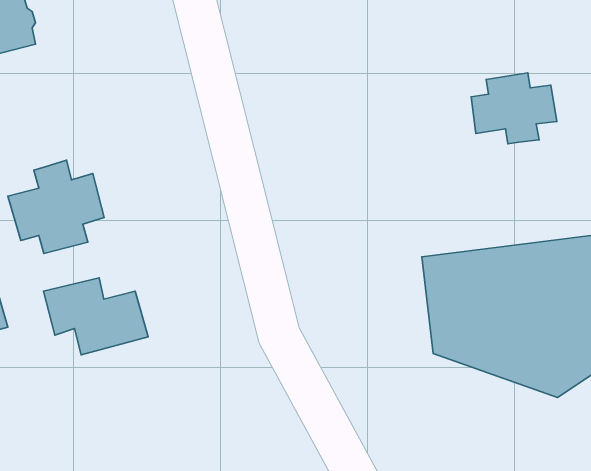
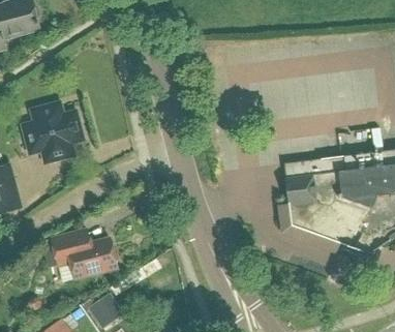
building: [471,73,557,144] -> none
building: [43,278,148,355] -> [50,230,116,278]

